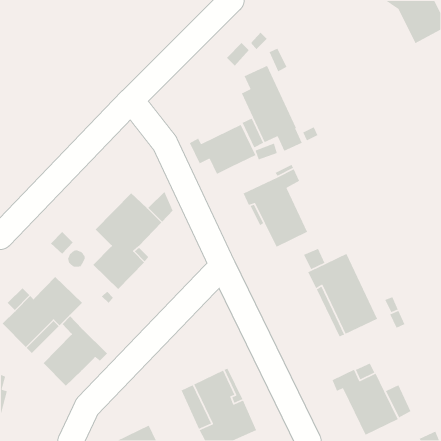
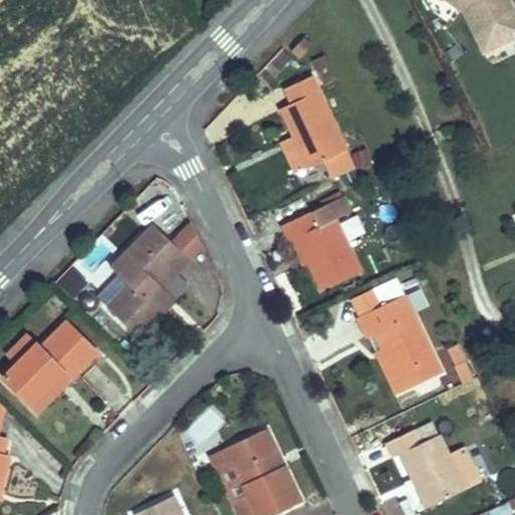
building: [189,124,256,175] -> none
building: [43,316,108,386] -> none

